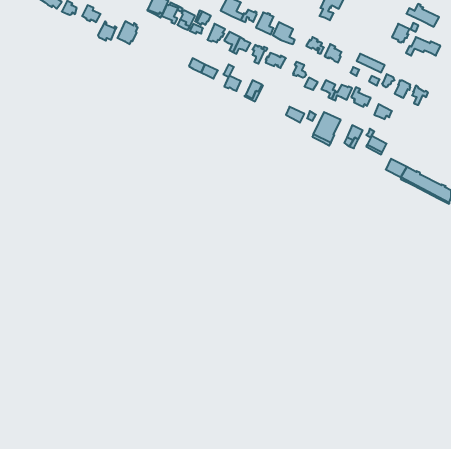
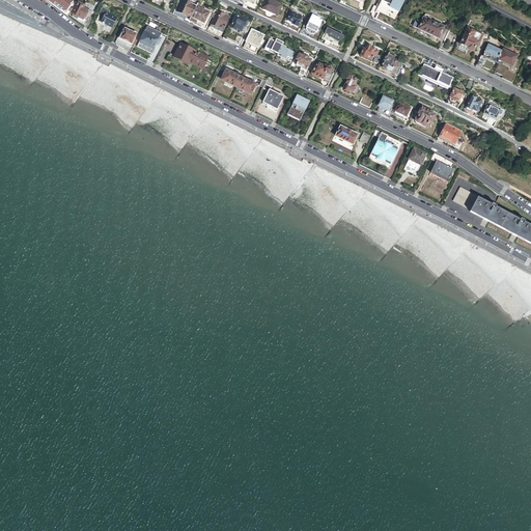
building: [406,4,439,27] -> [412,13,450,40]
building: none -> [174,43,208,67]

